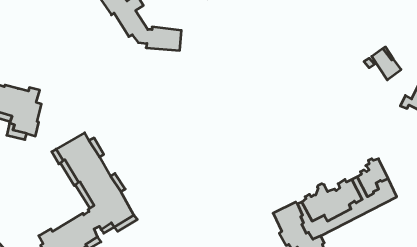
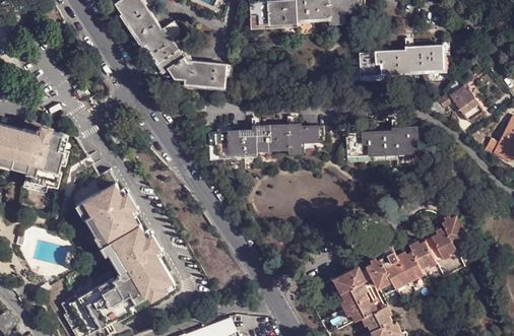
building: none -> [358,46,442,76]
building: none -> [207,126,323,156]
building: none -> [343,127,416,156]

